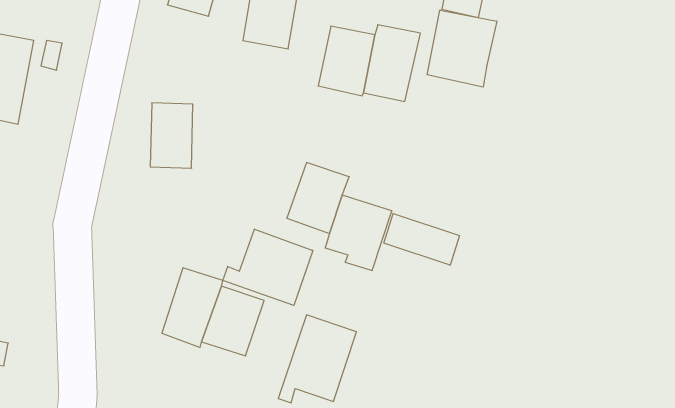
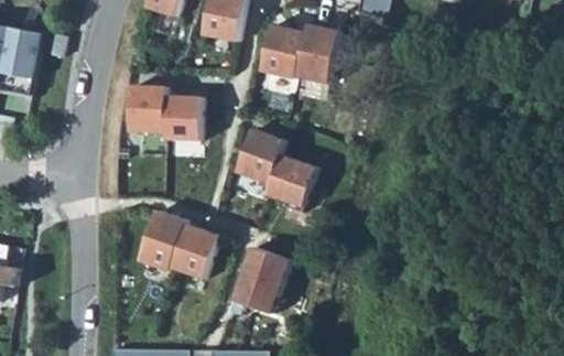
building: [427,10,497,87] -> none
building: none -> [164,90,202,138]
building: [384,213,459,265] -> none
building: [223,229,313,305] -> none

